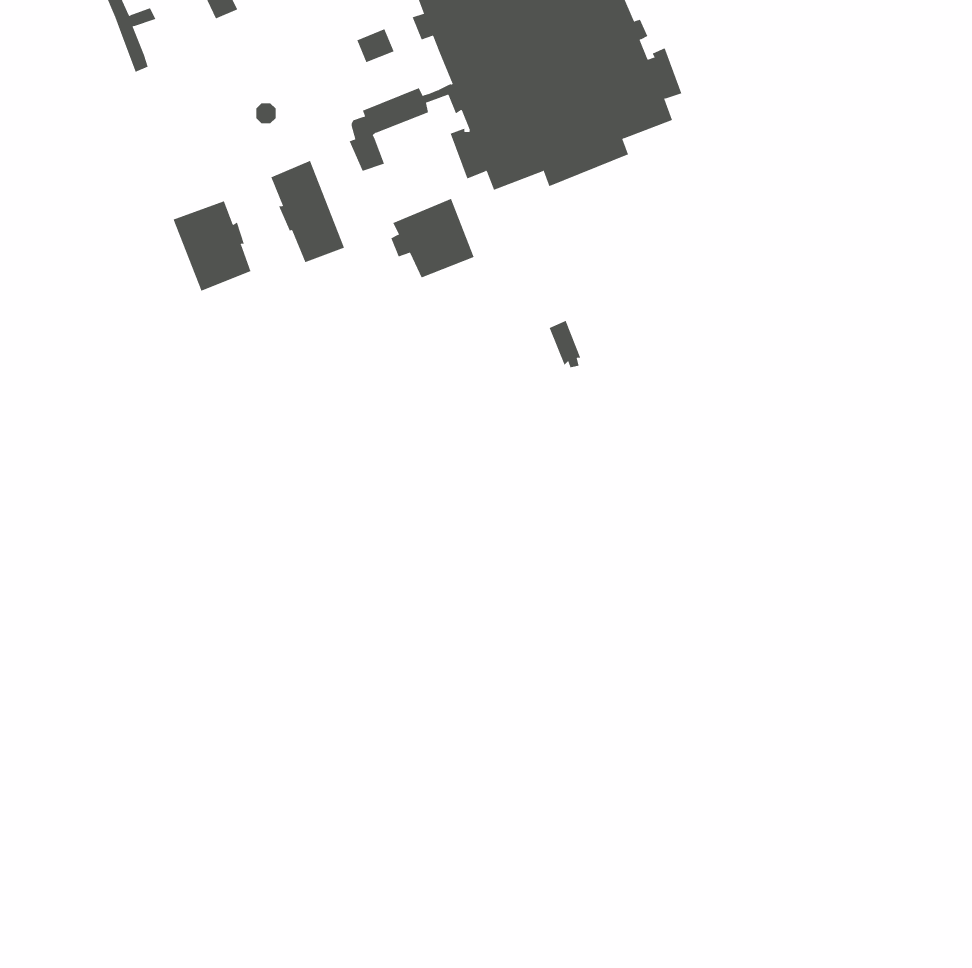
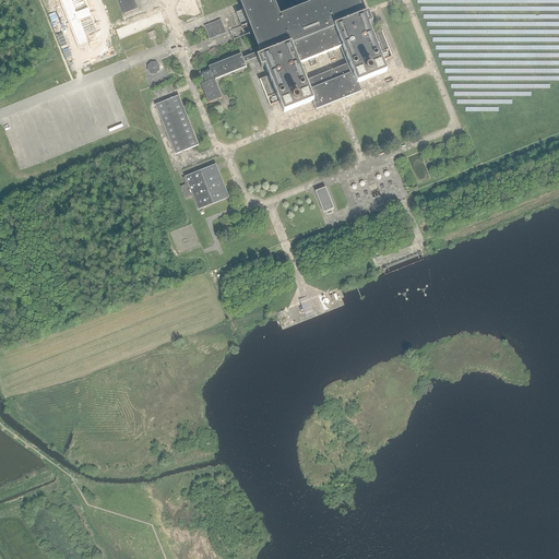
building: [391,198,474,278] -> [180,160,228,206]
building: [173,200,251,291] -> none

